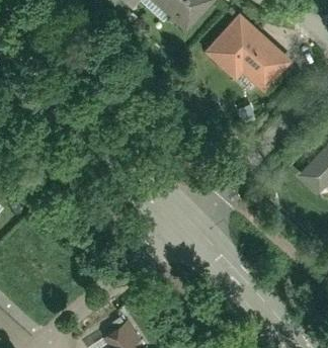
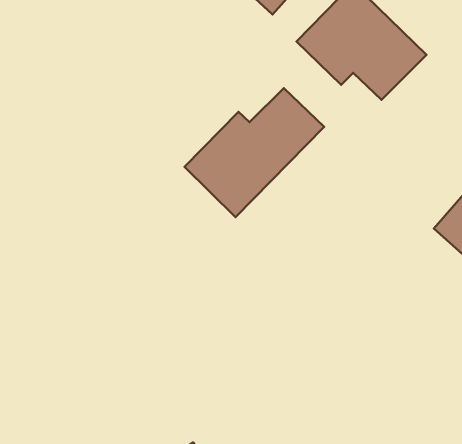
building: none -> [184,88,324,217]

